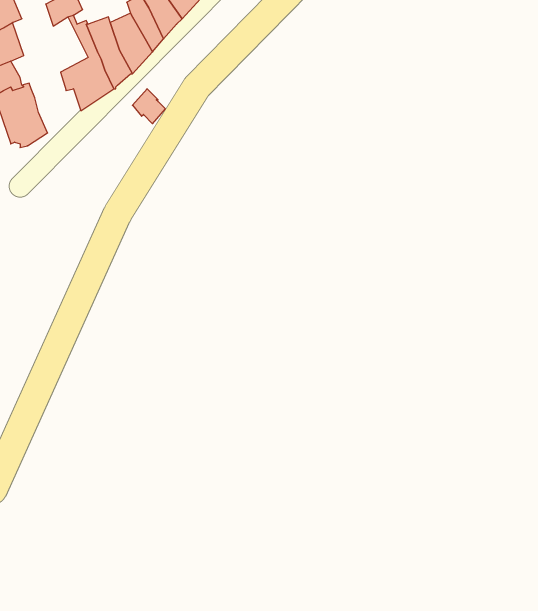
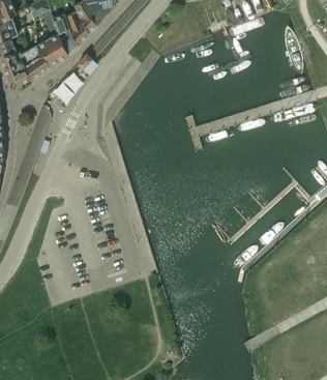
building: none -> [21,43,49,78]

